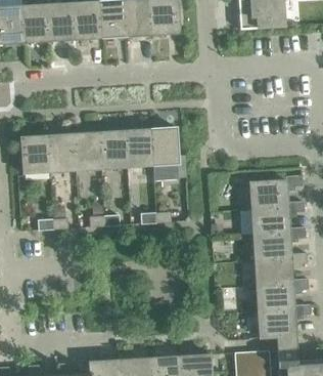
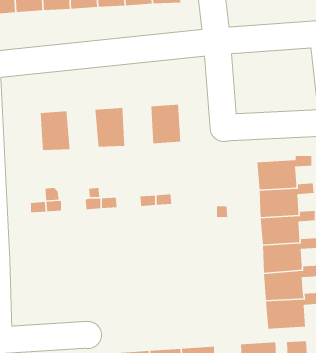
building: [125,129,152,167] -> none
building: [73,132,101,170] -> none
building: [20,135,49,173] -> none

